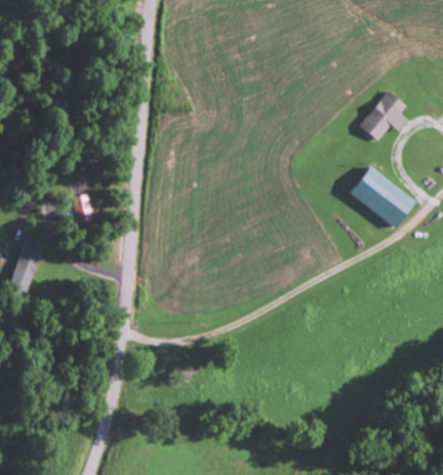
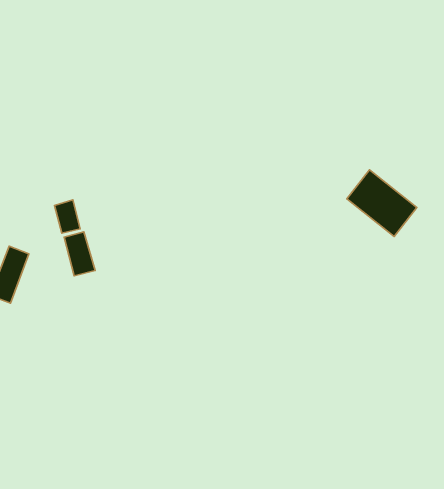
building: [360,89,409,141] -> none
building: none -> [64,232,95,276]

